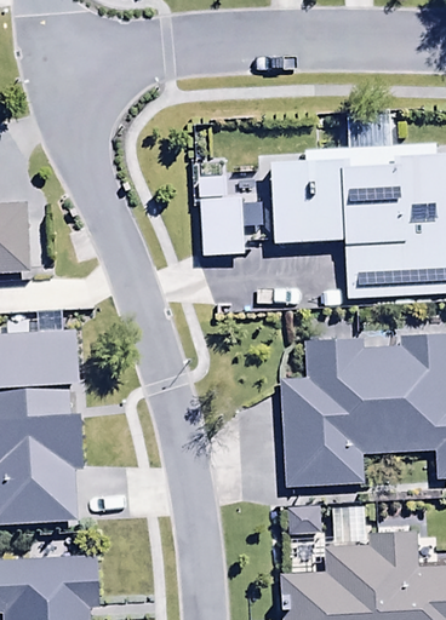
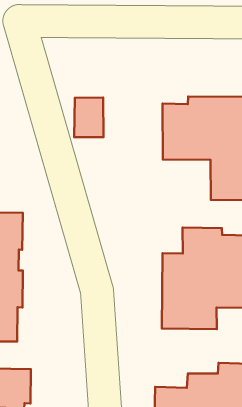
building: [200,195,245,254] -> [74,98,104,137]

